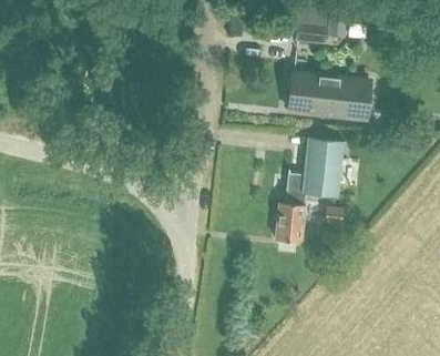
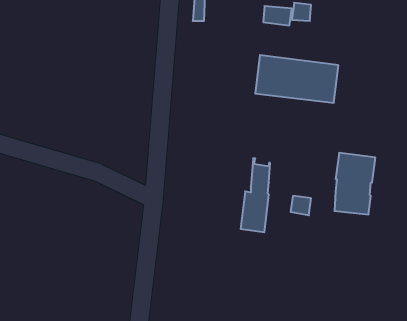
building: [304,138,344,197] -> [334,153,375,214]

